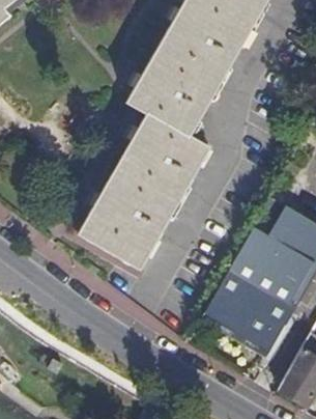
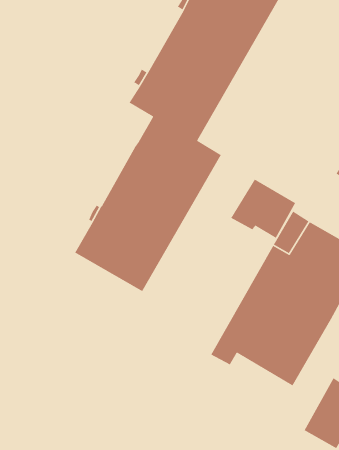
building: none -> [230,178,296,239]

